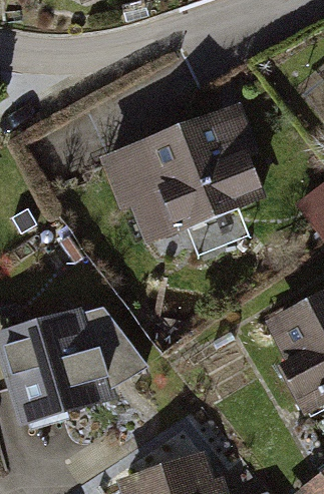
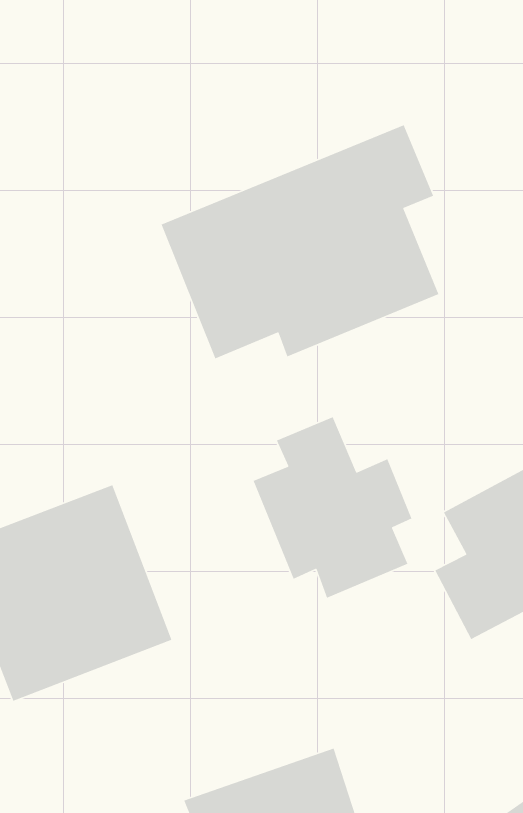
building: none -> [252,416,413,599]

